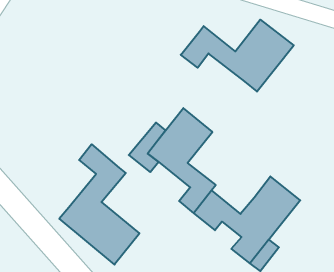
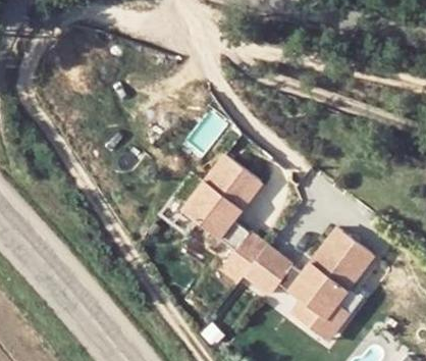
building: [181,20,294,92] -> none
building: [59,144,139,265] -> none

